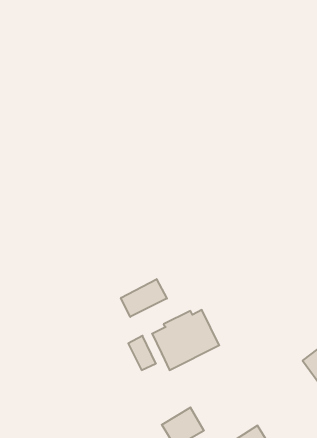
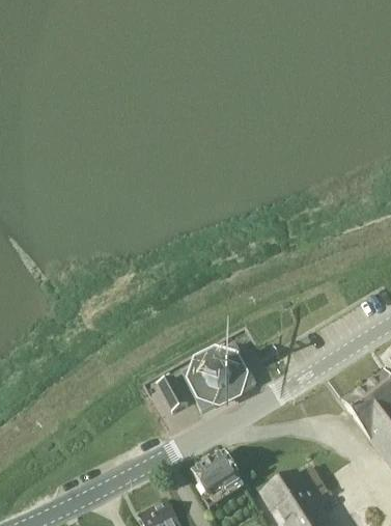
building: [121,279,167,317] -> none

